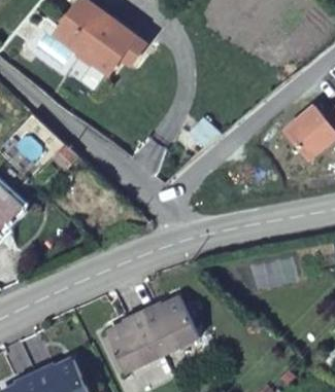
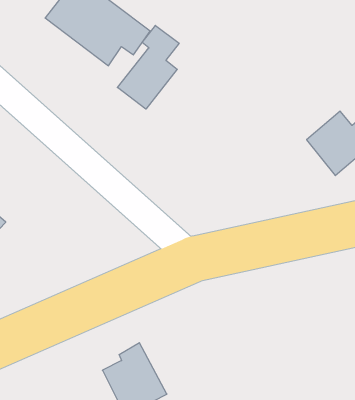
building: none -> [117,25,179,109]
building: [138,294,198,352] -> none

